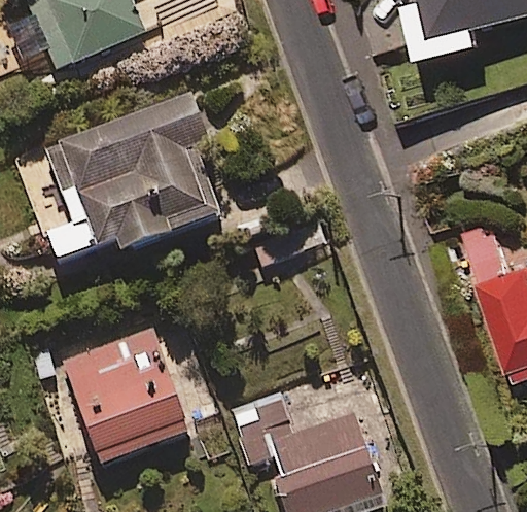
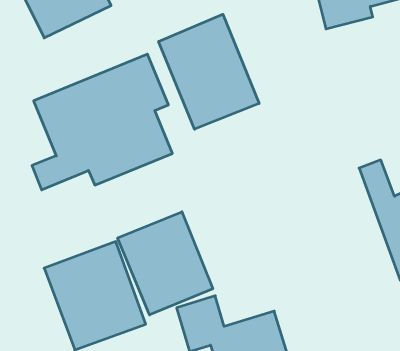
building: none -> [159,14,259,129]
building: none -> [118,212,213,315]

